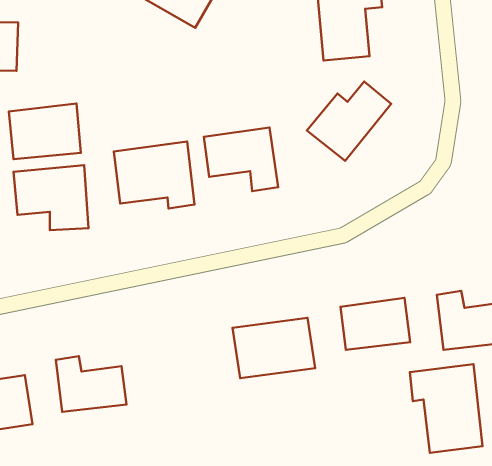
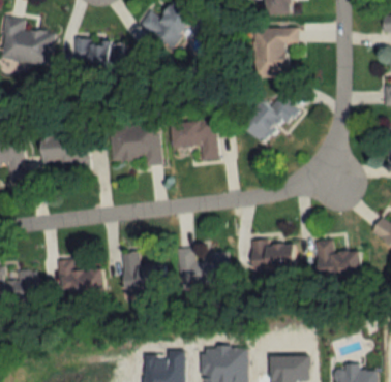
building: [9,104,81,159] -> [74,40,120,73]
building: none -> [120,252,166,293]
building: [410,364,483,453] -> none

